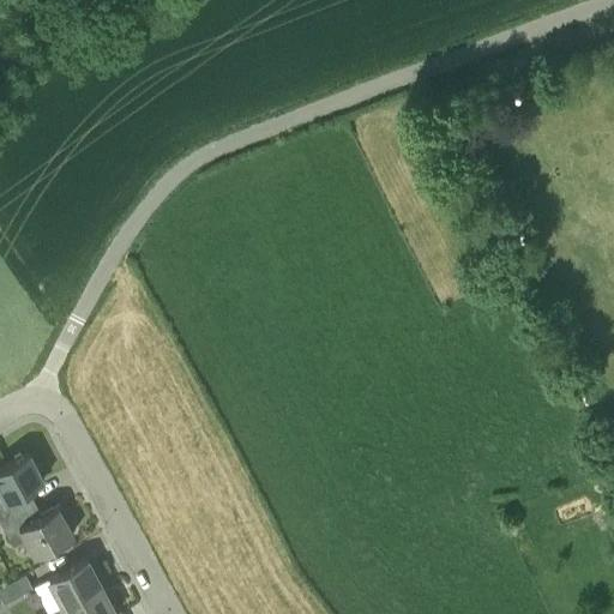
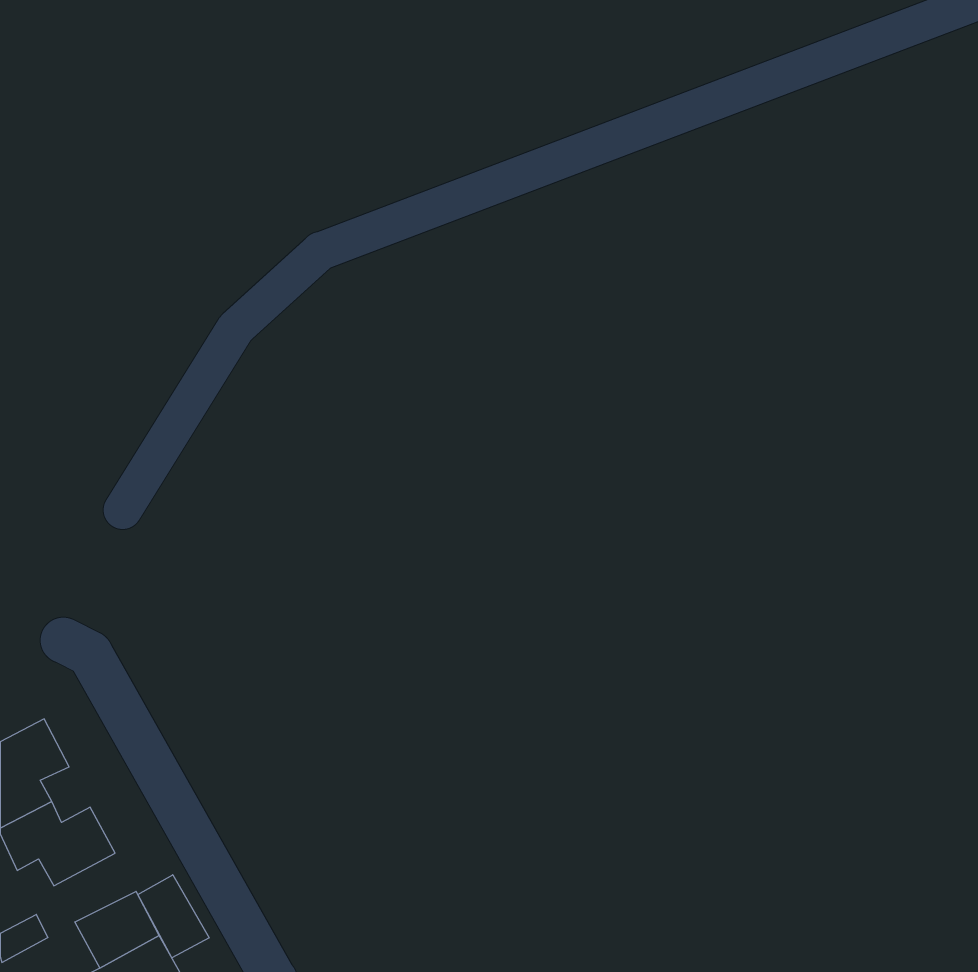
building: none -> [138,875,209,958]

